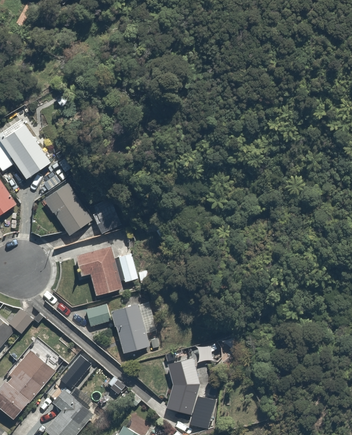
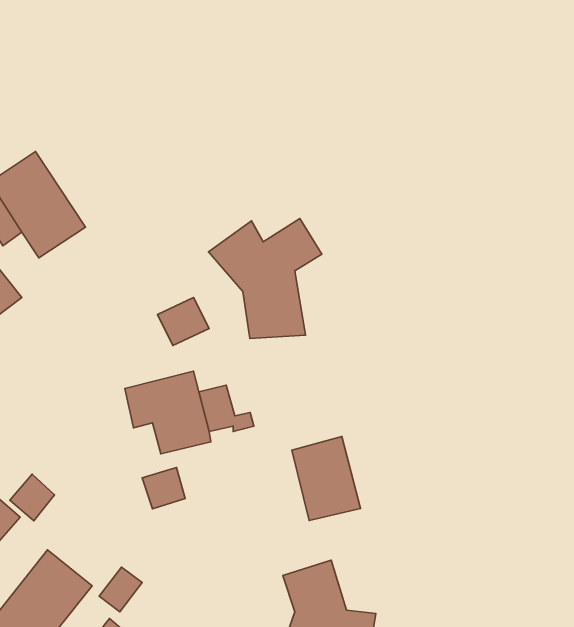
building: none -> [208,219,322,339]
building: [42,184,93,237] -> none
building: [110,303,150,352] -> [292,436,361,521]

